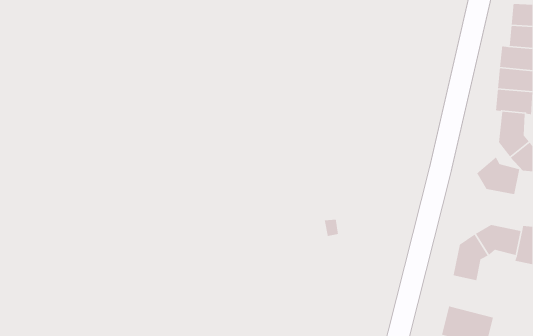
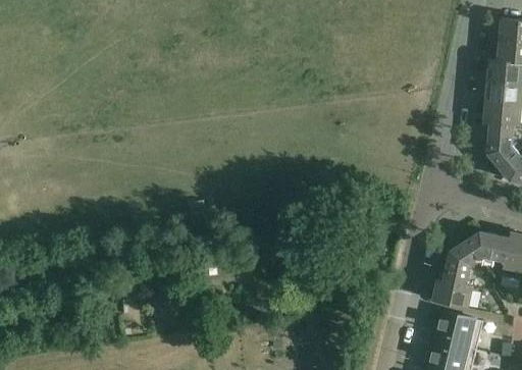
building: [476,156,520,195] -> none
building: none -> [433,279,473,309]

